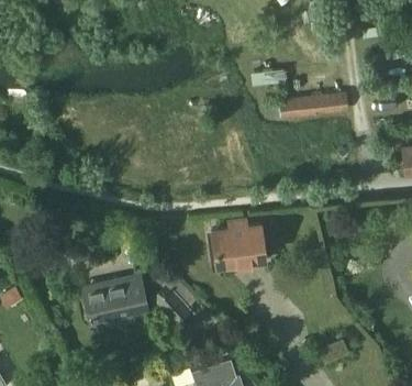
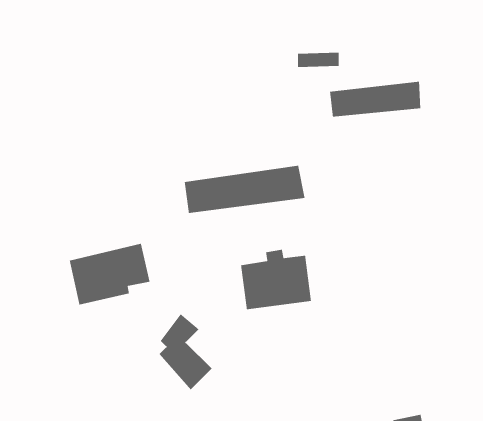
building: none -> [184,165,305,214]
building: [83,279,145,327] -> [69,243,150,306]

